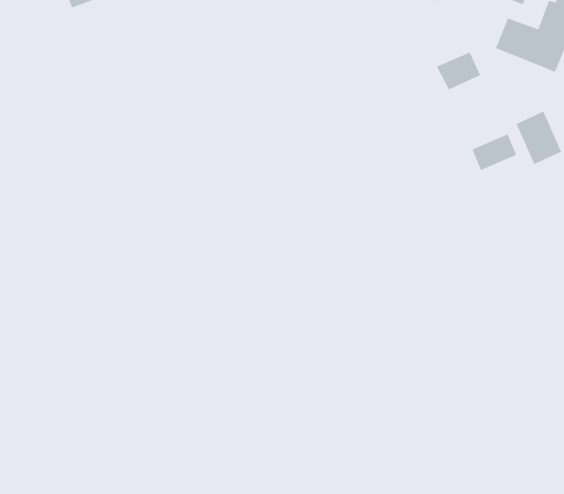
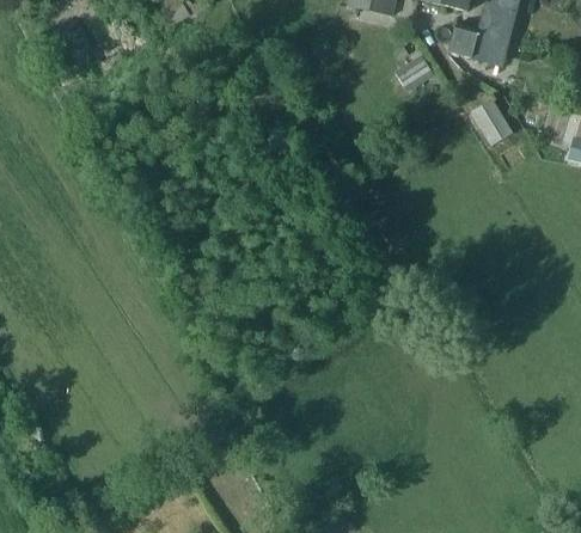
building: [472,133,517,171] -> none

